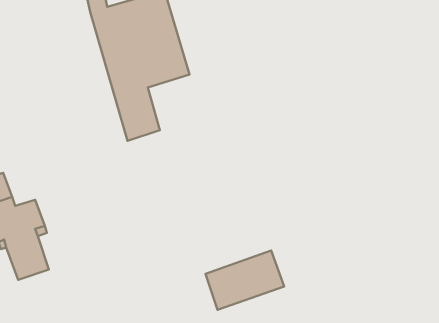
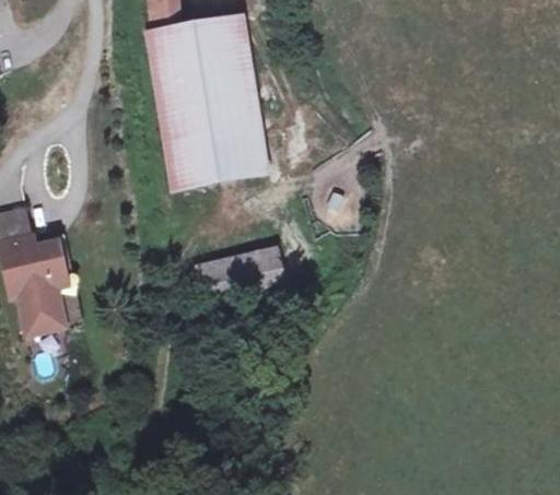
building: none -> [208,118,266,178]
building: [205,250,284,310] -> [199,245,289,306]

